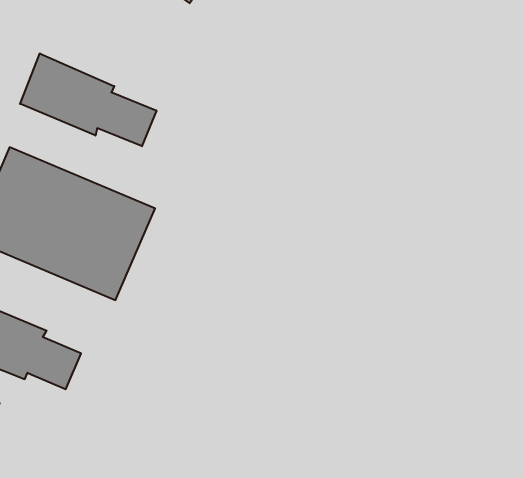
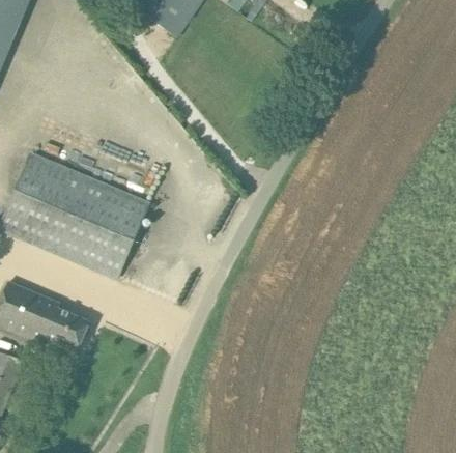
building: [20,53,156,146] -> none

